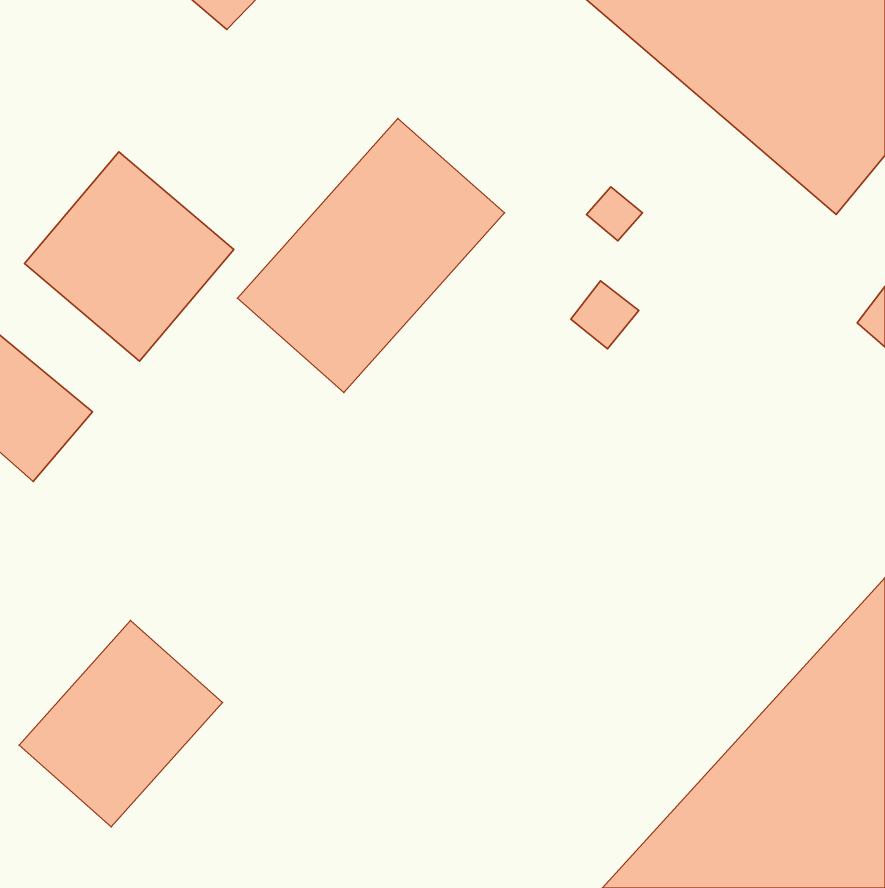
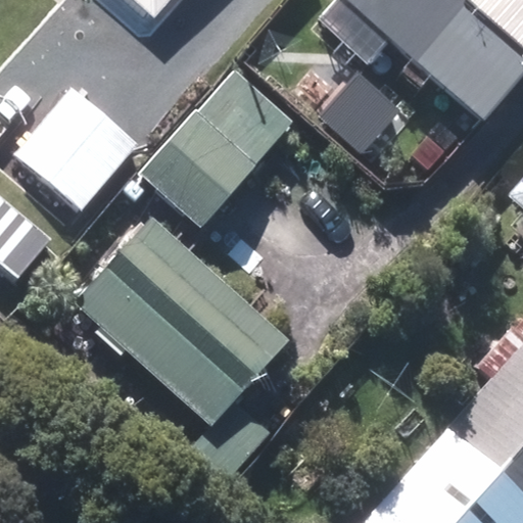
building: none -> [77,221,292,427]
building: [19,621,222,827] -> none

